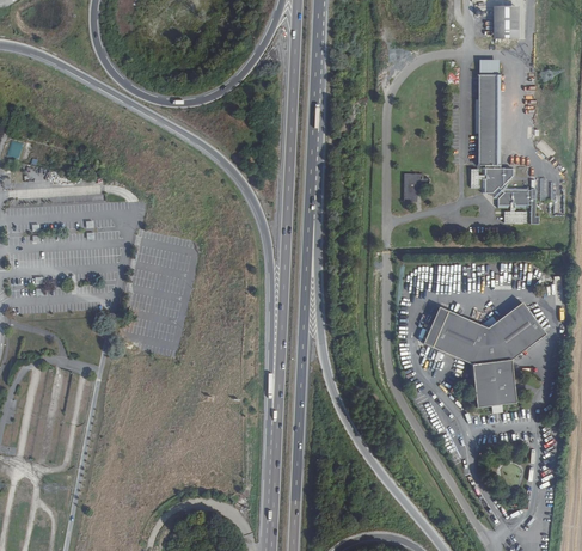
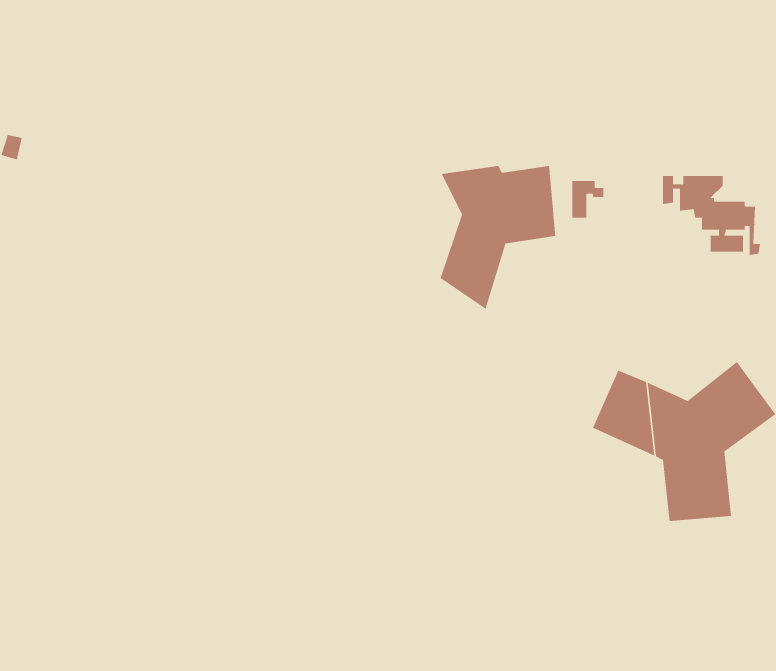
building: [477,59,500,165] -> none
building: none -> [440,165,556,310]

